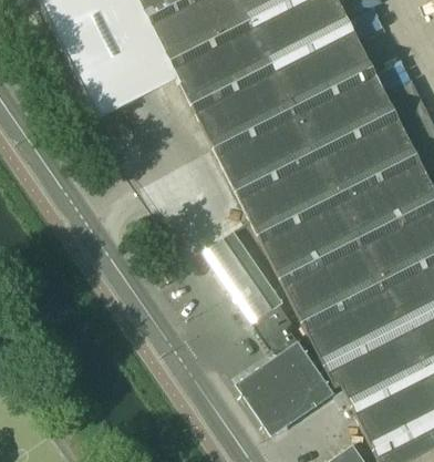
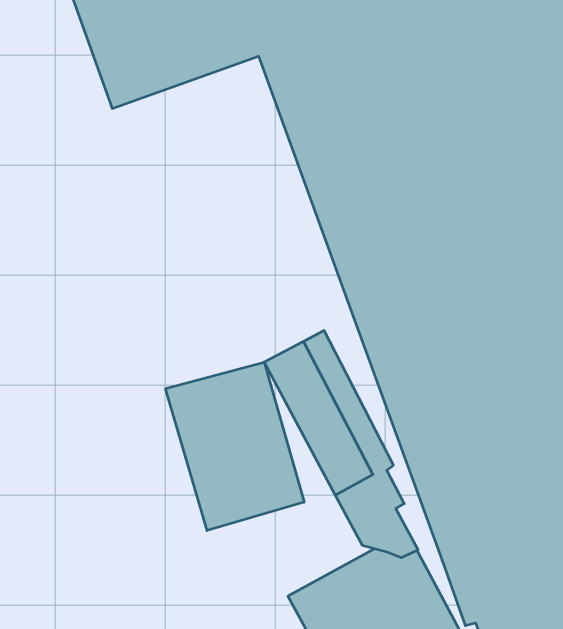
building: none -> [166,362,304,531]

